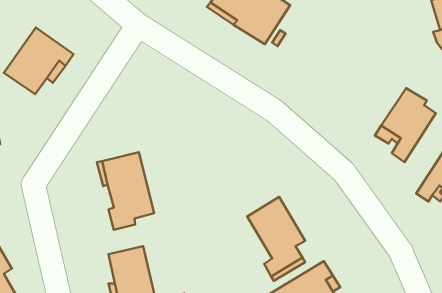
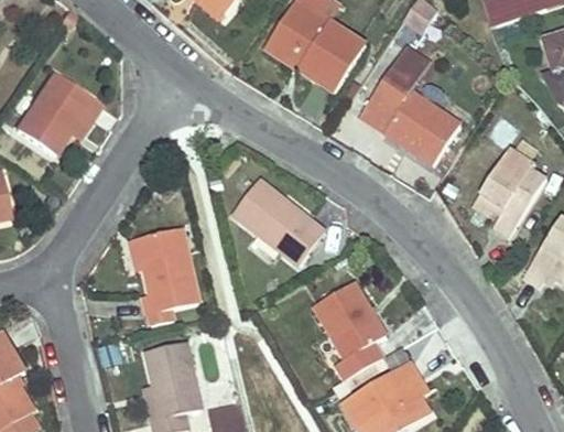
building: none -> [359,43,460,164]
building: none -> [232,180,325,262]

